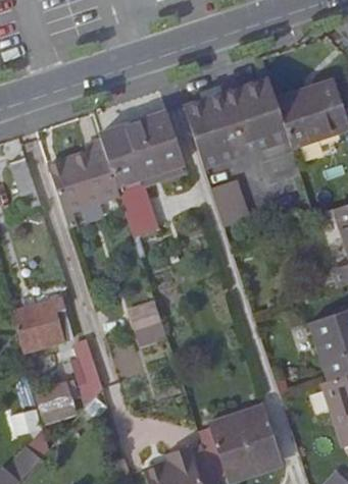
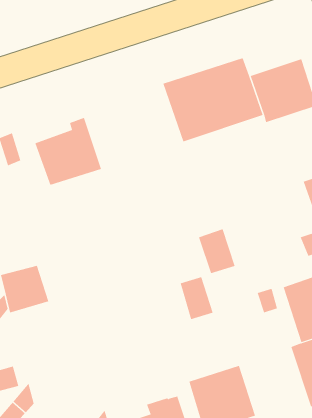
building: [99,112,186,239] -> none
building: [213,181,253,229] -> [198,229,236,274]
building: [132,303,167,348] -> [180,276,213,320]
building: [70,335,102,405] -> none
building: [34,377,78,420] -> none

